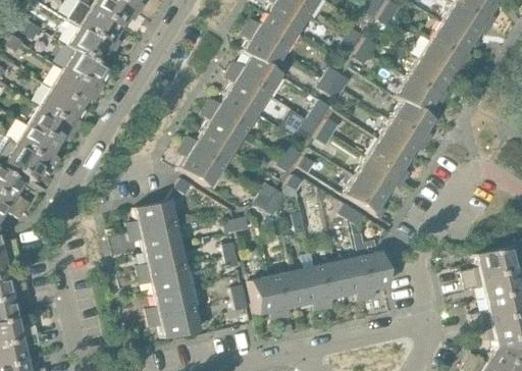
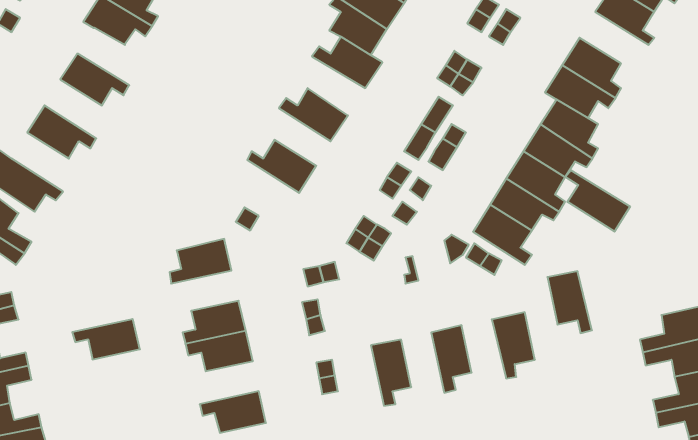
building: [421,39,470,75] -> none
building: [65,50,107,91] -> none
building: [227,70,269,112] -> none
building: [42,87,83,128] -> none
building: [204,107,245,148] -> none
building: [18,124,59,166] -> none
building: [181,144,222,186] -> none
building: none -> [565,170,630,232]
building: [132,222,179,251] -> [72,319,140,359]
building: [337,257,369,301] -> [547,271,592,333]
building: [295,266,325,311] -> none
building: [251,275,282,320] -> none
building: [150,286,194,317] -> none

